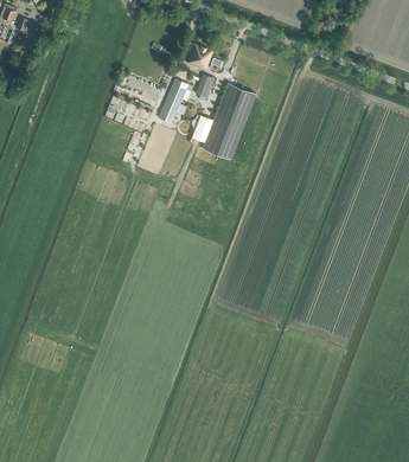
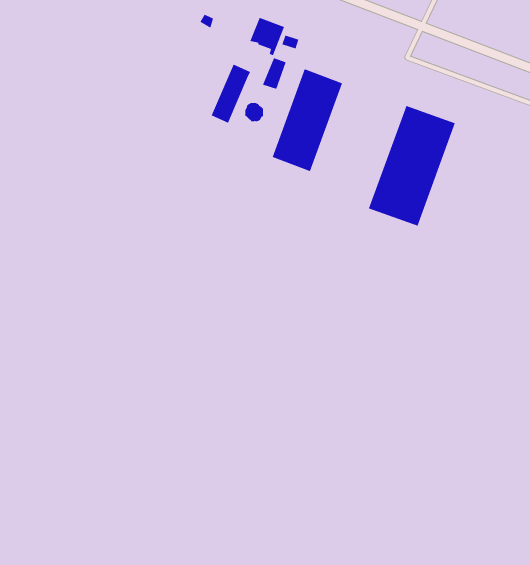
building: none -> [368,105,456,227]

